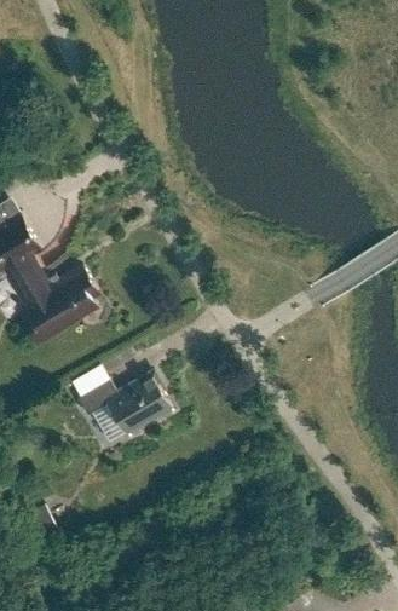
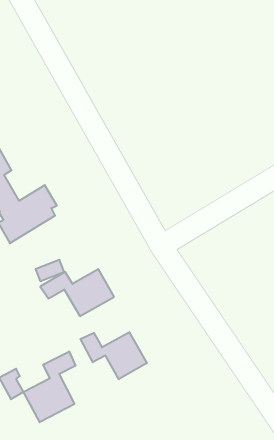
building: none -> [80,332,147,379]
building: none -> [24,351,75,422]

